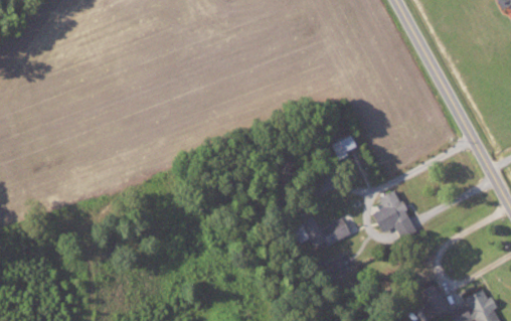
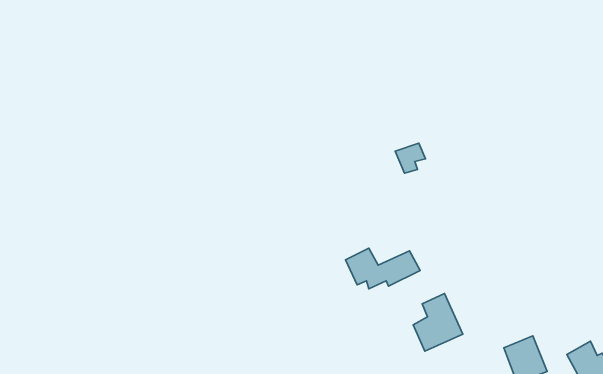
building: [373,190,411,234] -> [413,293,463,351]

